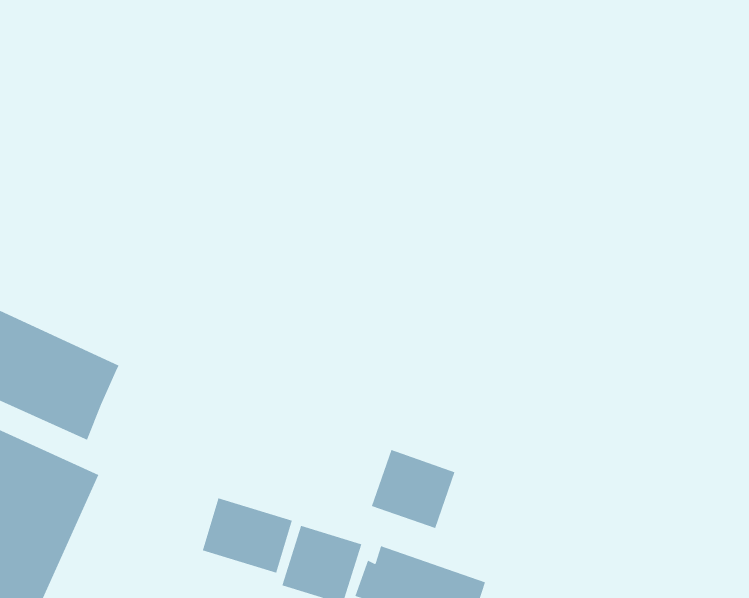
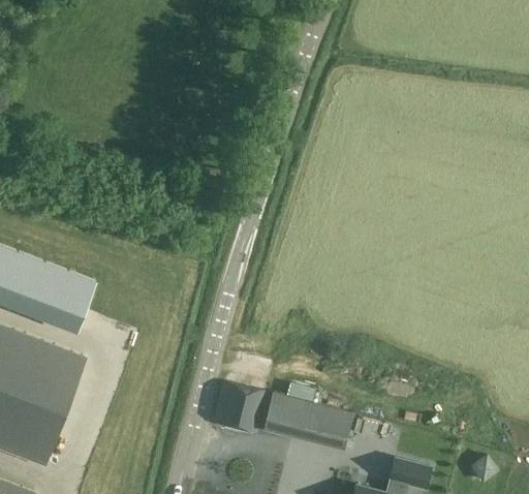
building: [371,449,455,529] -> none
building: [202,497,292,574] -> none

